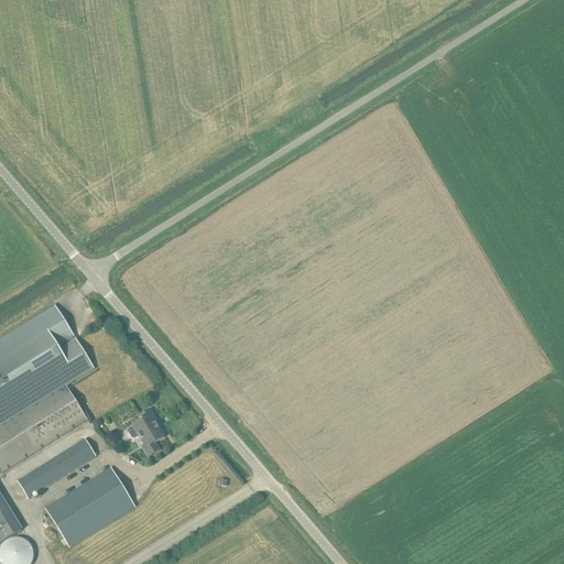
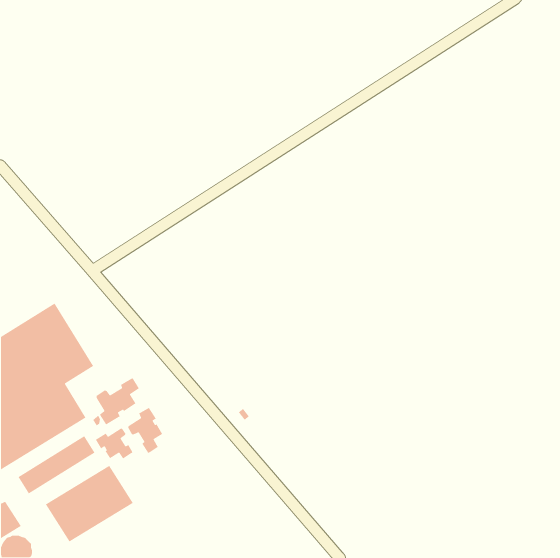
building: none -> [96,377,140,426]
building: none -> [95,428,133,459]

